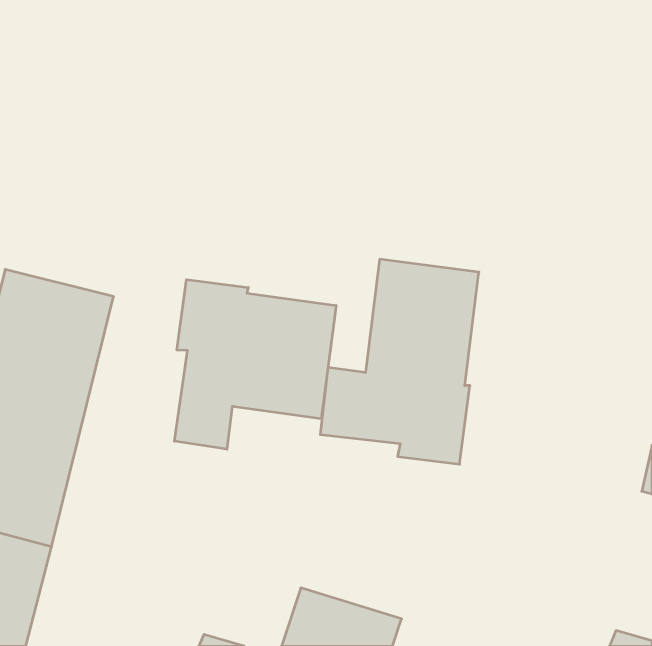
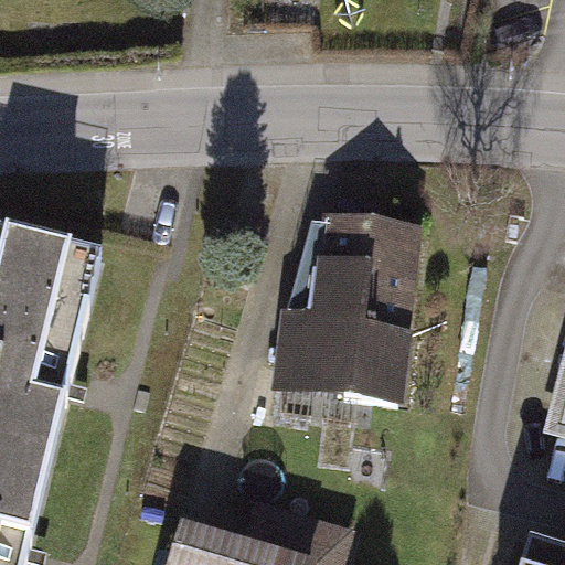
building: [174,280,336,449] -> none

